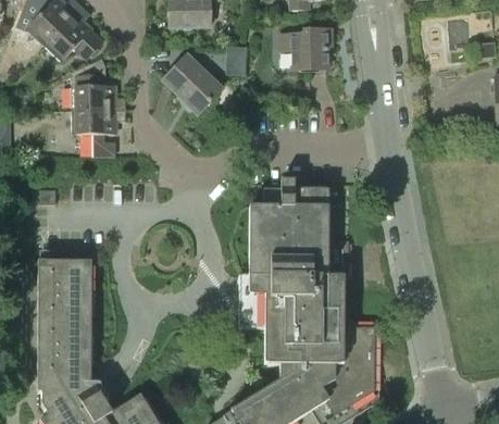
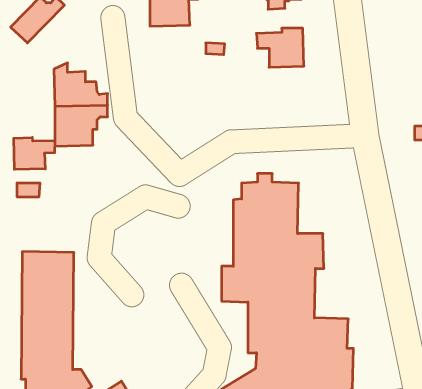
building: [43,5,102,61] -> none
building: [164,55,222,113] -> none
building: none -> [14,137,55,169]

